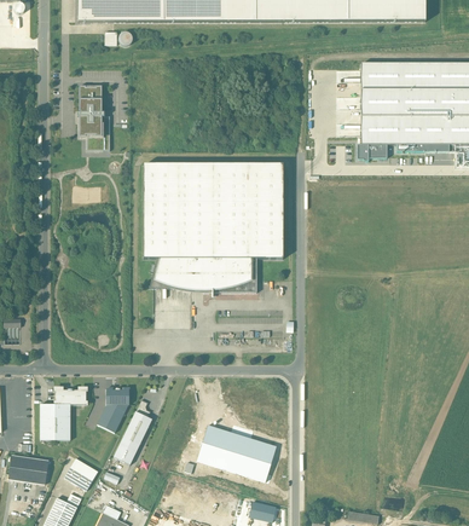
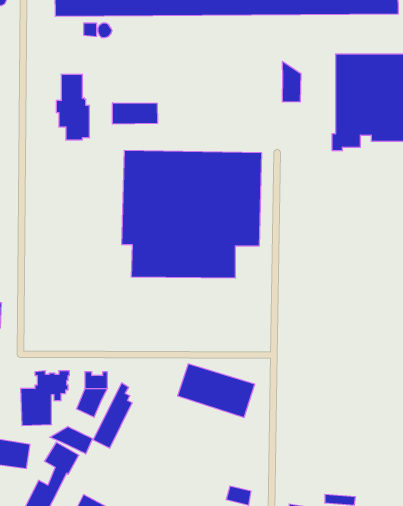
building: none -> [283,61,301,102]
building: none -> [113,103,157,124]
building: [197,424,276,479] -> [178,364,255,417]
building: none -> [50,426,93,454]

